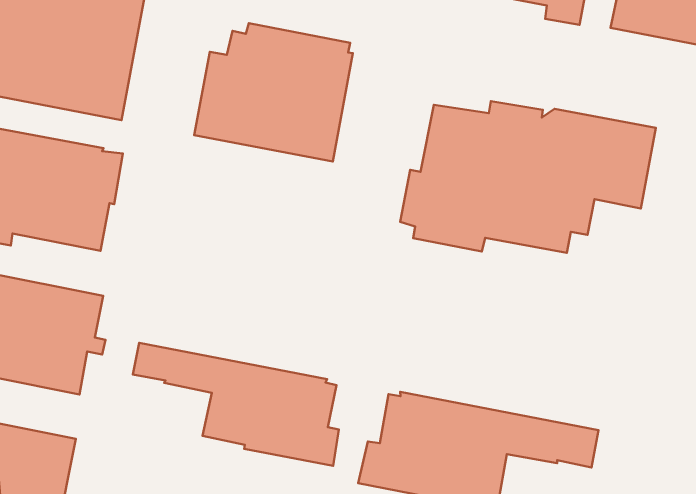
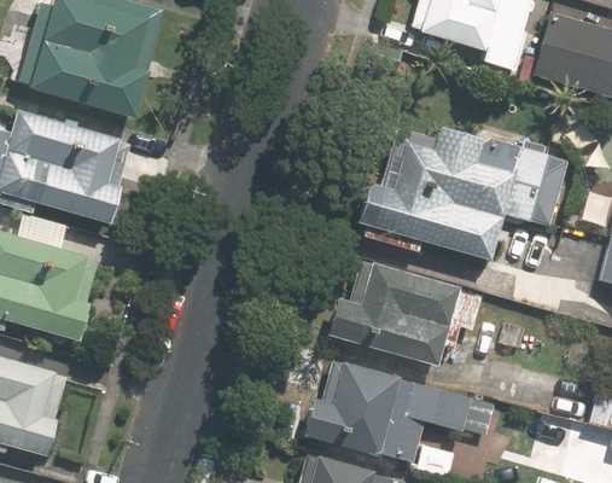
building: [194,23,353,162] -> none
building: none -> [324,260,482,366]
building: [133,343,339,466] -> none

